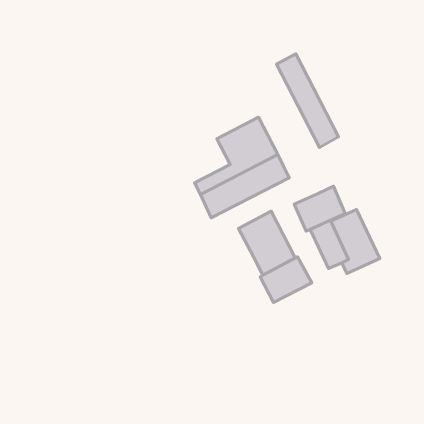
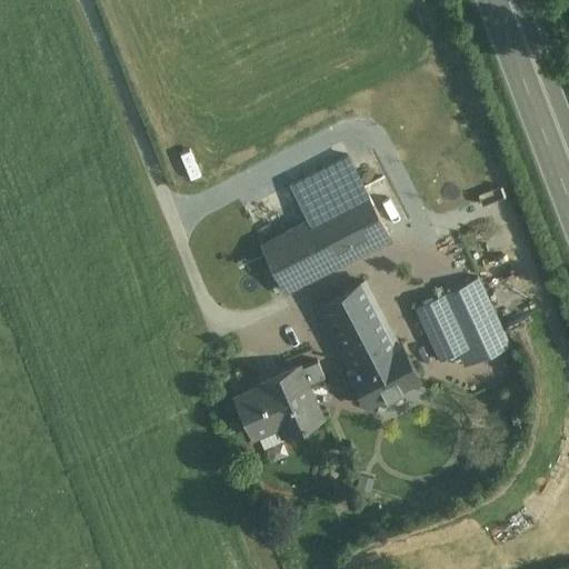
building: [276,54,338,148] -> none
building: [294,186,345,231] -> none
building: none -> [237,361,323,435]

